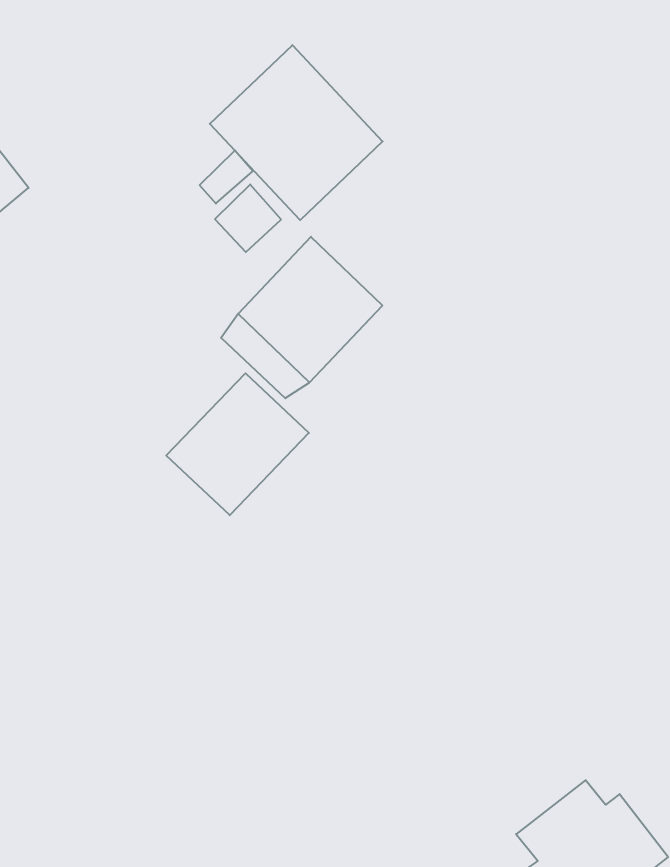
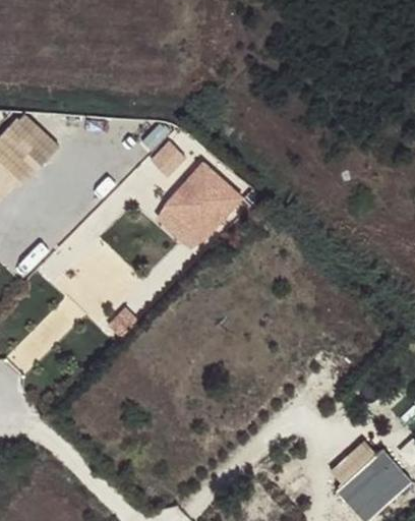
building: [210,45,383,220] -> none
building: [166,373,309,515] -> none

